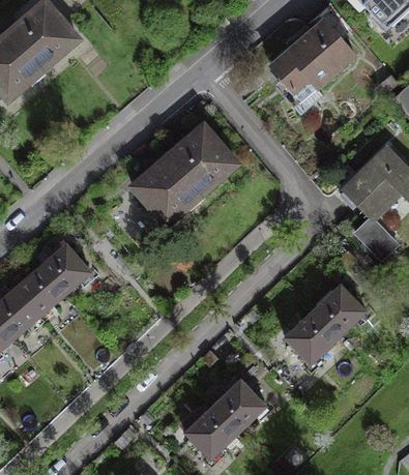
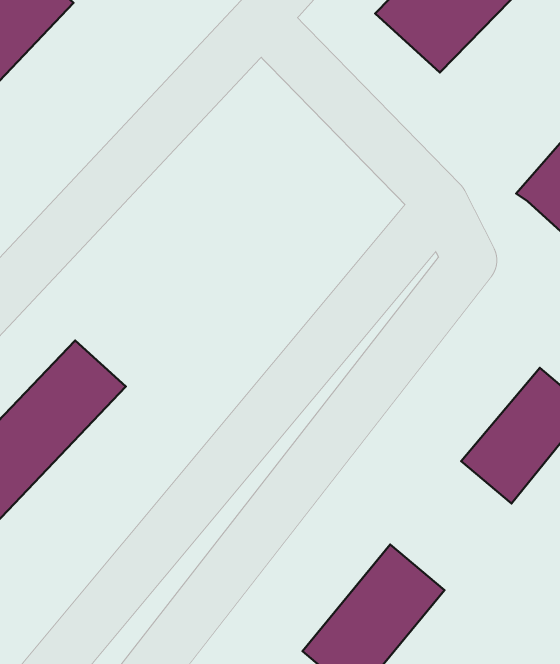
building: [128,124,235,226] -> none

